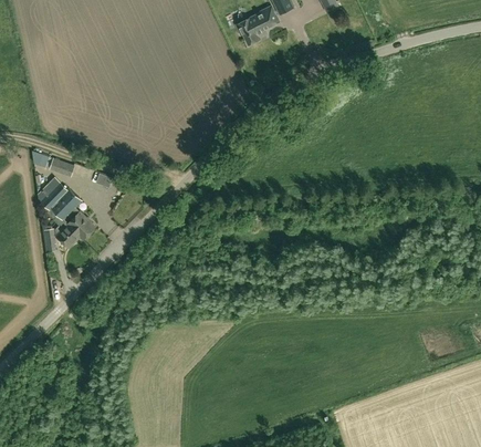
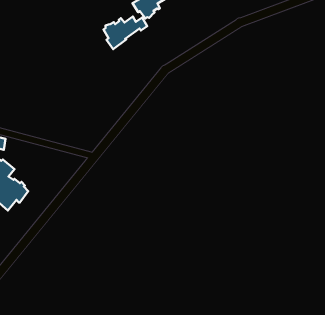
building: none -> [103,17,147,49]

